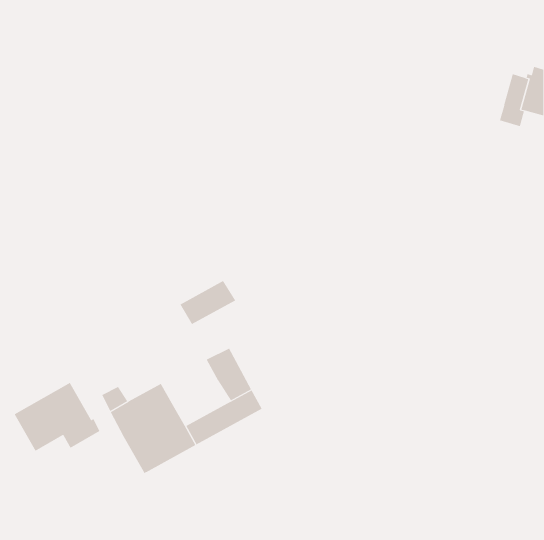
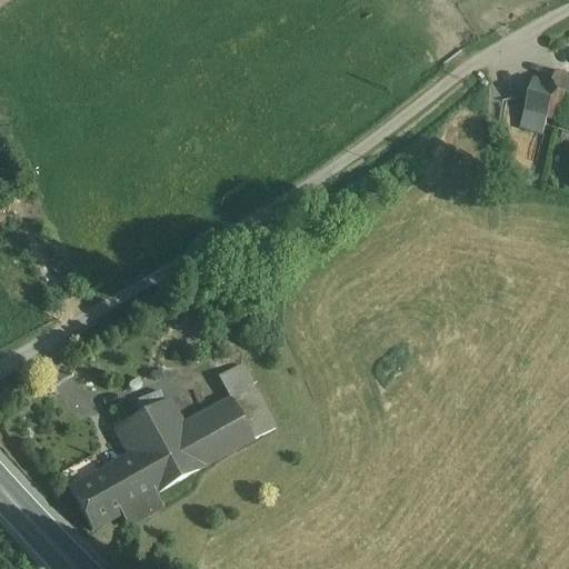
building: [180,280,236,325] -> [181,397,240,443]
building: [14,382,100,452] -> [69,455,159,527]

